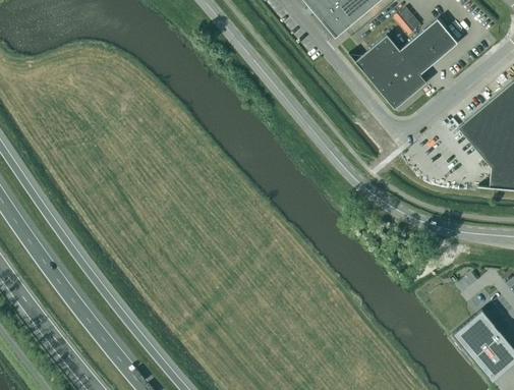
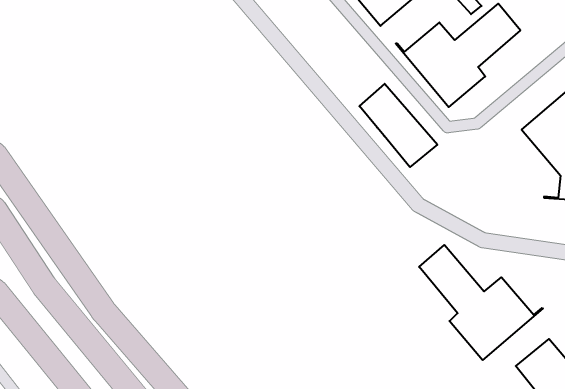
building: none -> [359,84,437,167]
building: none -> [419,245,543,360]

